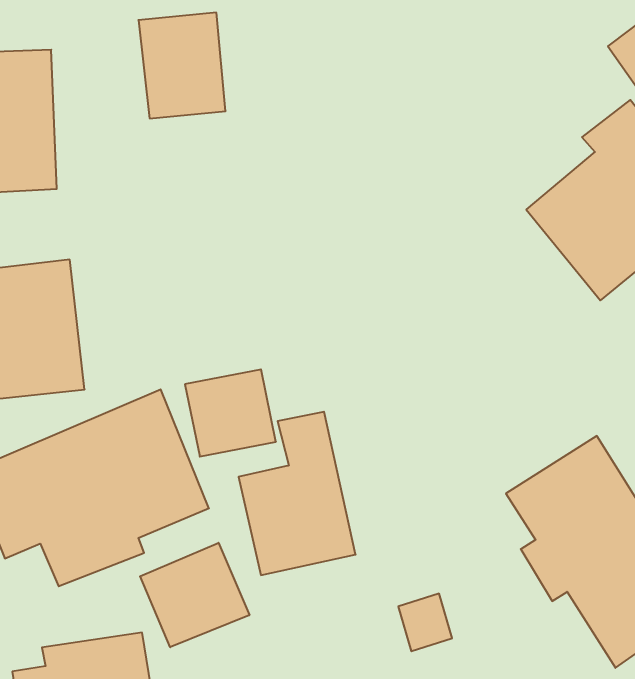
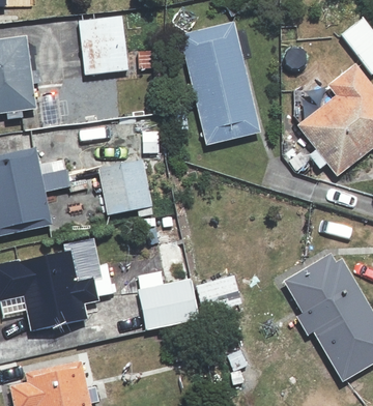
building: none -> [176,25,259,145]
building: [185,369,276,457] -> [101,163,151,211]
building: [140,543,249,647] -> none

